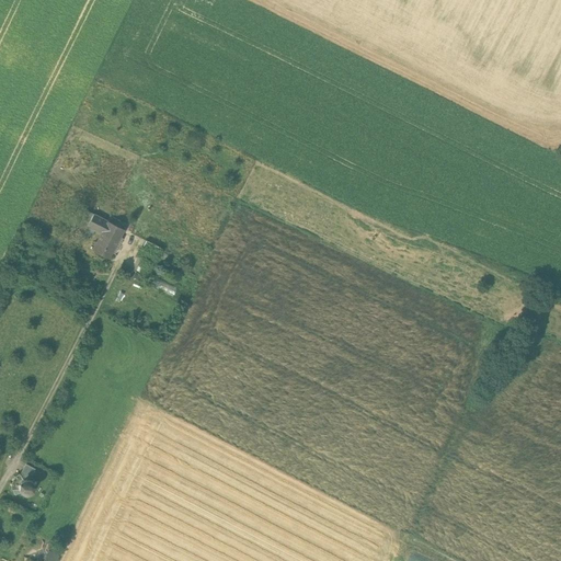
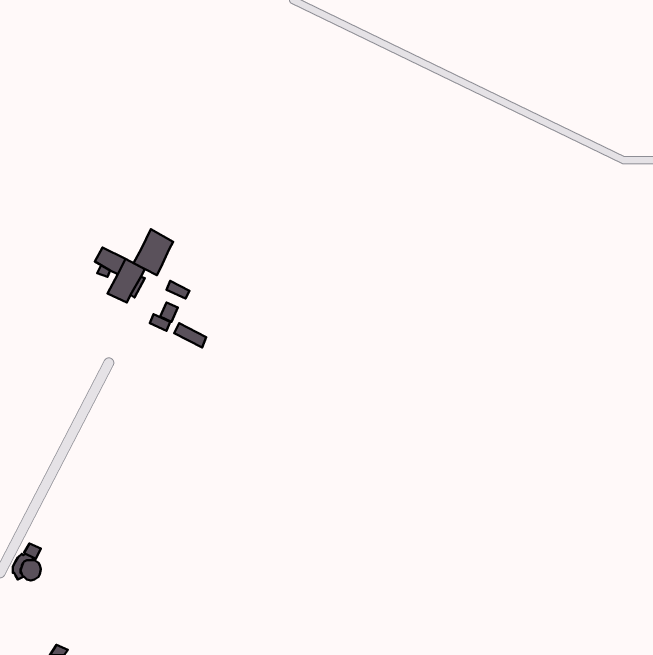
building: none -> [133,229,173,275]

